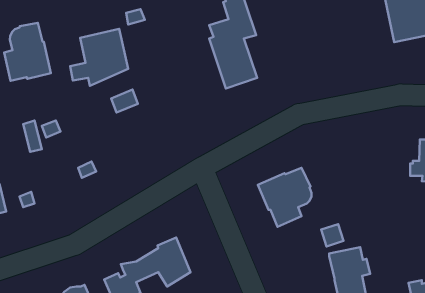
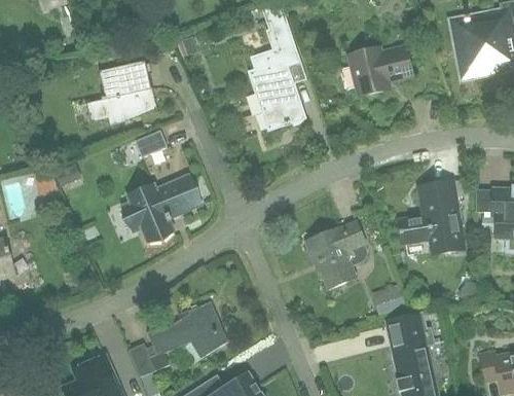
building: none -> [347,44,411,97]
building: [4,23,51,81] -> none
building: none -> [123,178,197,240]
building: none -> [397,180,464,254]

